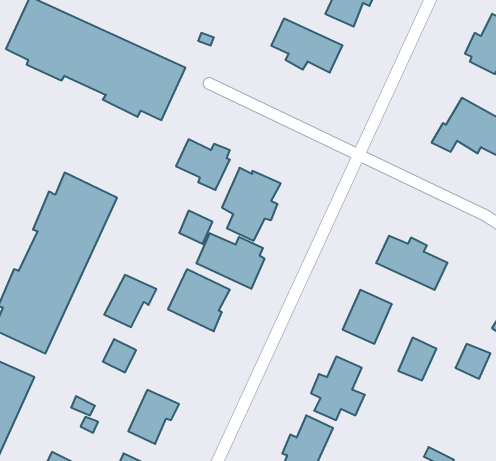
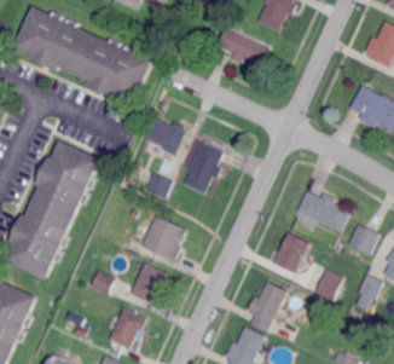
building: [197,233,264,289] -> none
building: [104,275,156,327] -> [129,262,169,302]
building: none -> [346,223,377,253]

